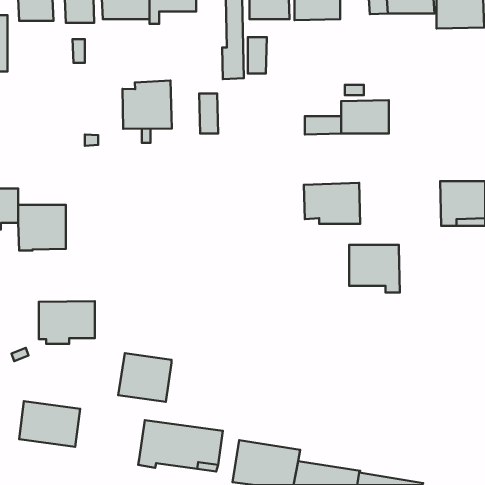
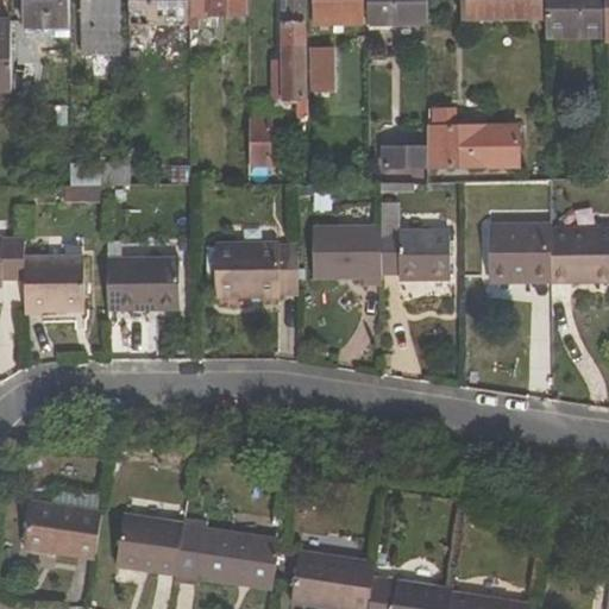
building: [122,81,172,129] -> none
building: none -> [485,124,519,167]
building: none -> [312,225,381,284]
building: none -> [214,240,297,297]
building: [349,245,400,293] -> [488,222,551,282]
building: [39,301,95,344] -> [107,257,177,310]
building: [118,353,171,402] -> [114,513,181,573]

